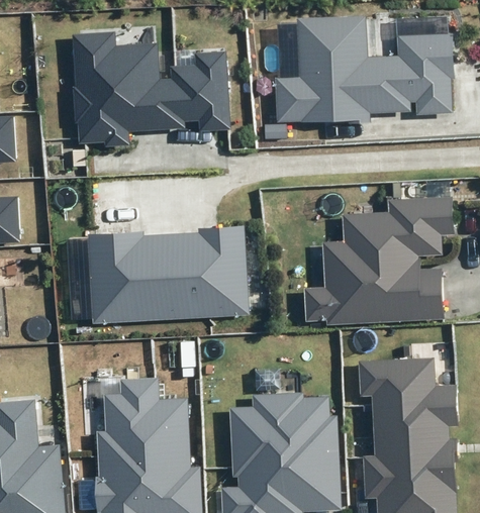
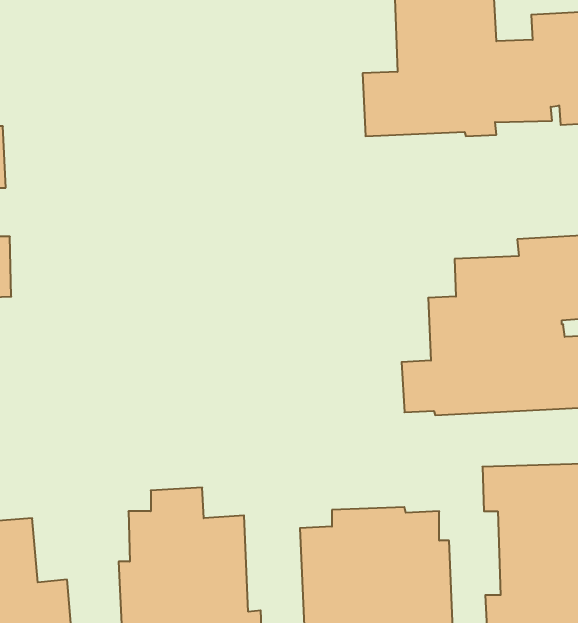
building: [72,31,231,145] -> none
building: [87,227,249,323] -> none

